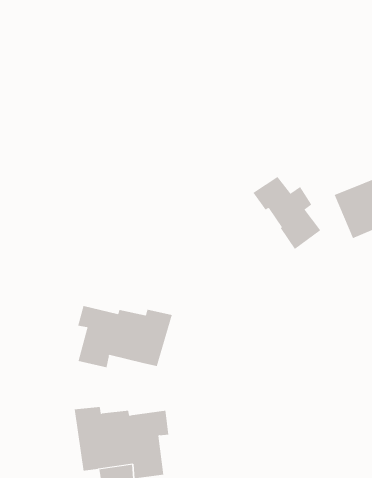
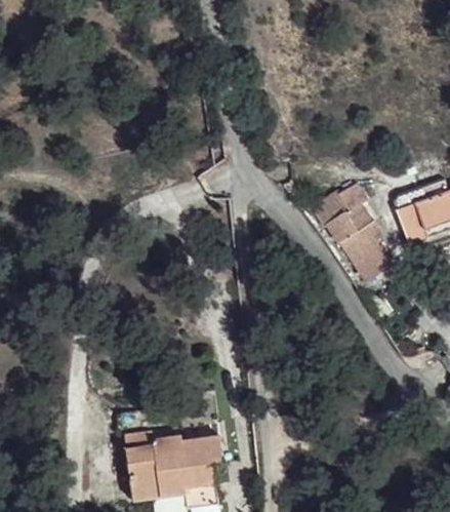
building: [78,305,173,368] -> none

